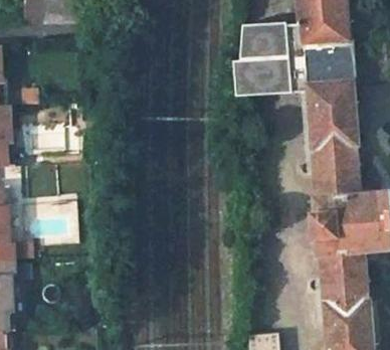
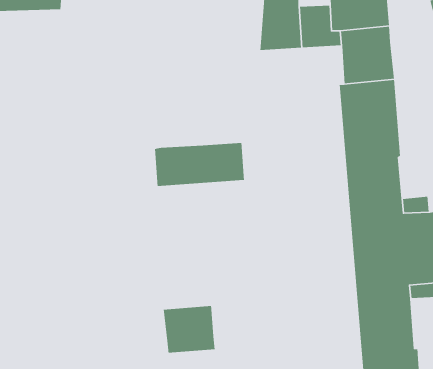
building: [235,53,309,90] -> [154,142,245,187]
building: none -> [163,305,216,353]

